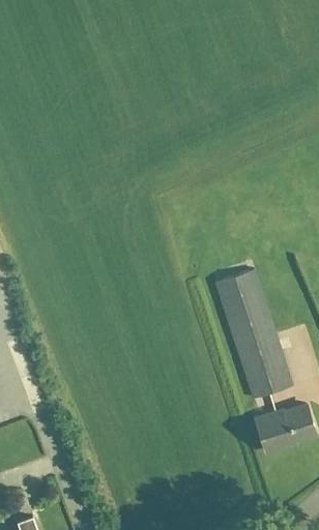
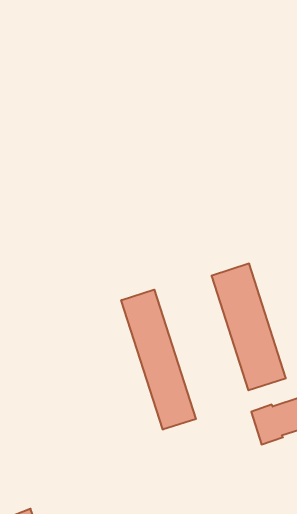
building: none -> [121,290,196,430]

